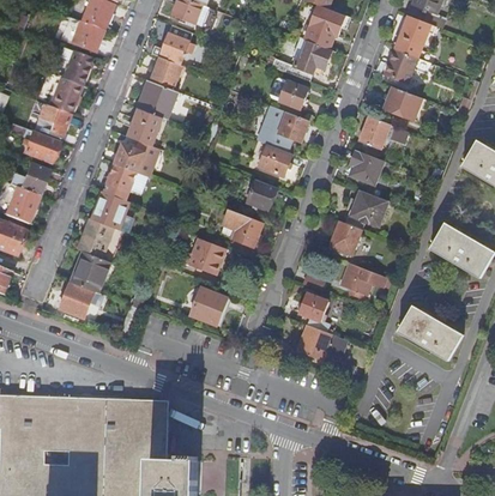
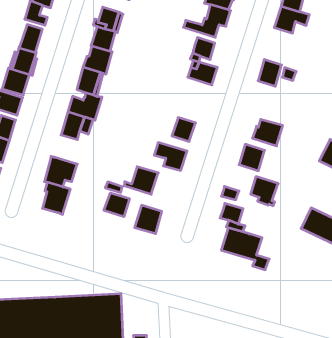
building: [384,86,421,120] -> none
building: [256,144,291,176] -> none
building: [348,149,384,185] -> none
building: [93,193,129,230] -> none
building: none -> [104,193,129,217]
building: [60,283,95,314] -> none

